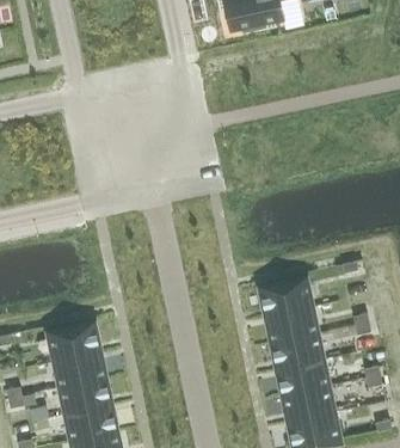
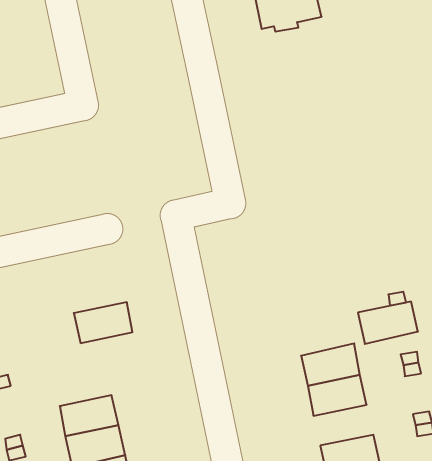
building: [259,281,312,318] -> [358,302,418,344]
building: [48,326,99,362] -> [74,302,132,343]
building: [276,361,328,397] -> none

